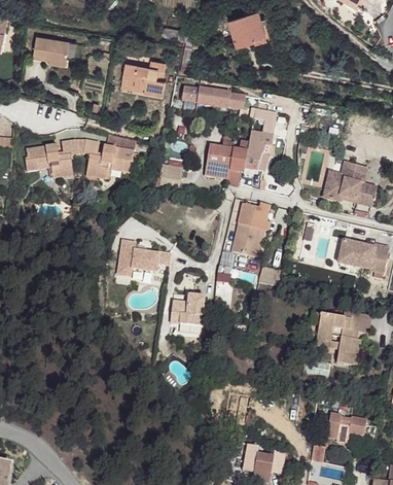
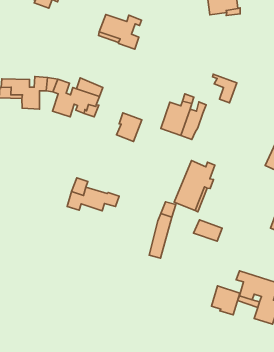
building: [182,86,246,108] -> none
building: [244,131,274,170] -> none
building: [171,293,205,324] -> none
building: none -> [211,286,240,315]

